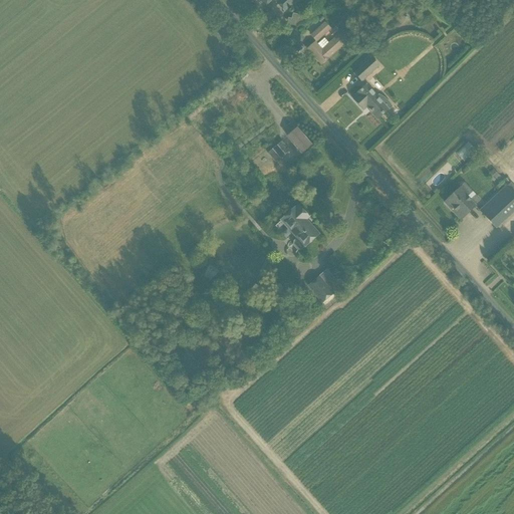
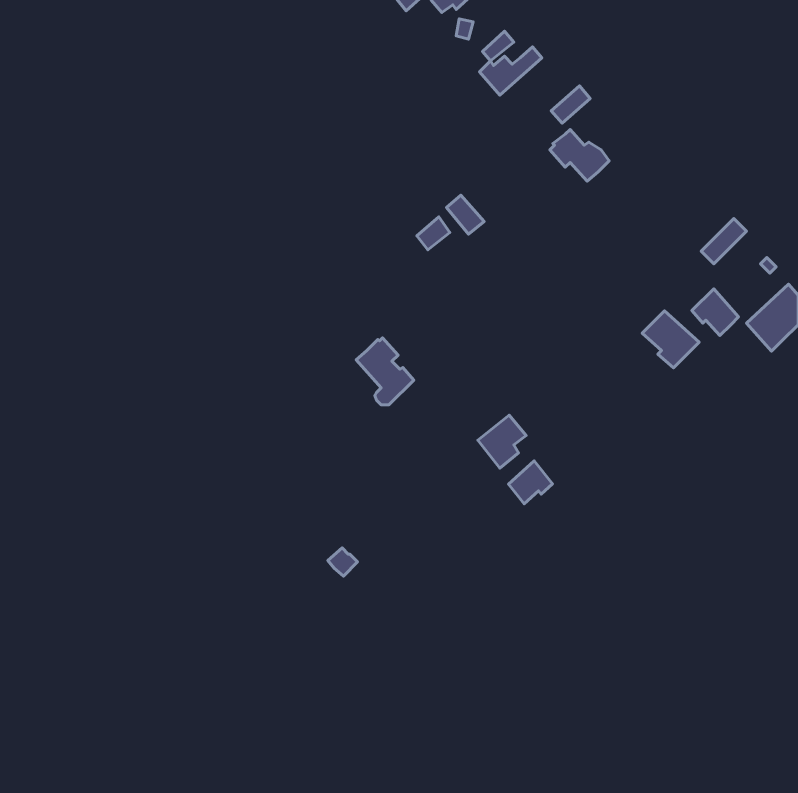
building: none -> [642,311,699,368]
building: [281,204,318,247] -> [356,338,414,405]
building: none -> [508,461,553,504]

